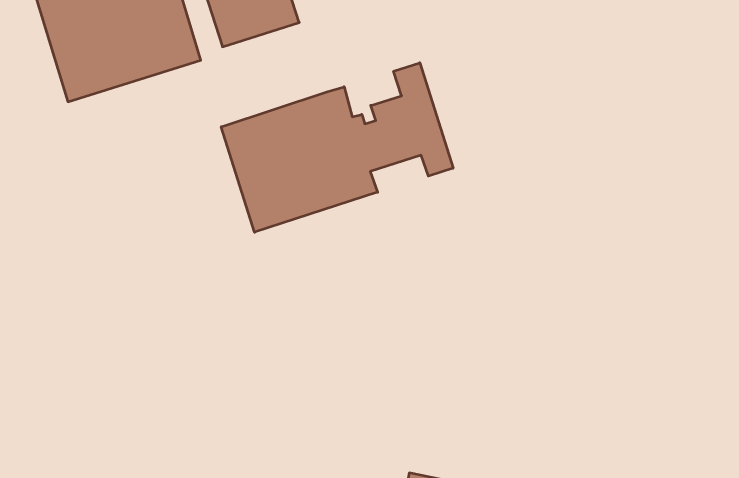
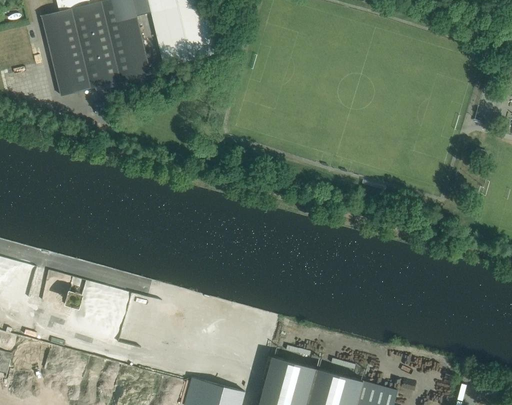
building: [221,63,453,232] -> none

